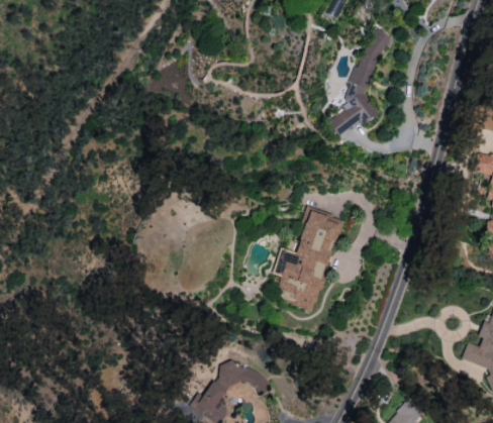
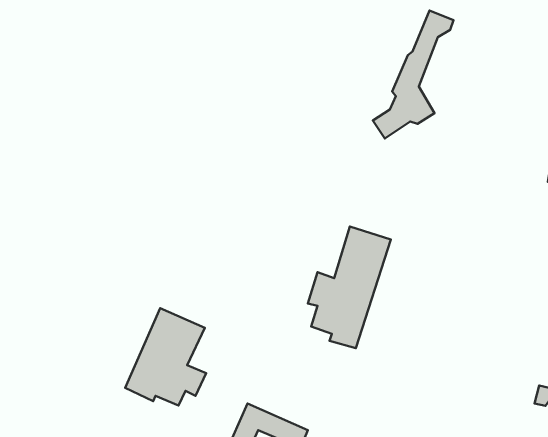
building: none -> [125,308,206,405]

